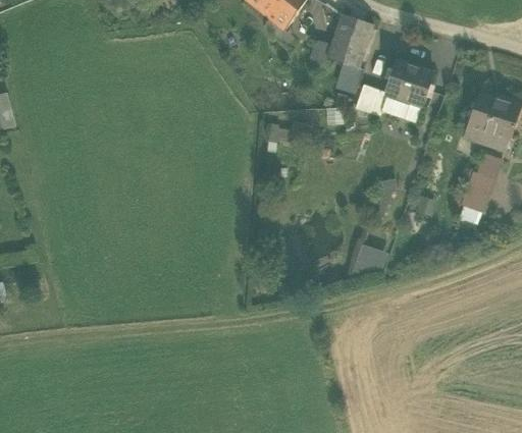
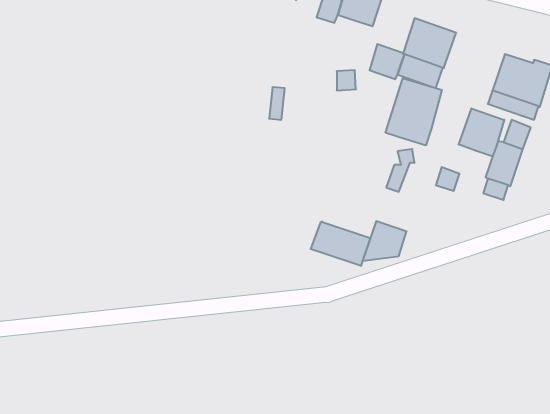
building: [334,61,363,93] -> none
building: none -> [386,78,442,145]
building: none -> [459,108,504,157]
building: none -> [311,222,370,266]

